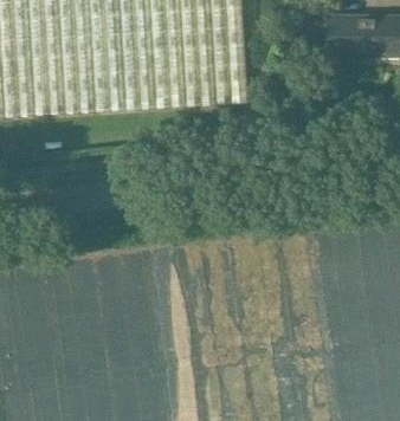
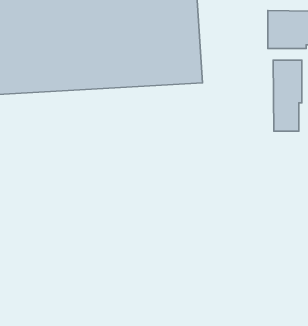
building: none -> [273,60,302,131]

